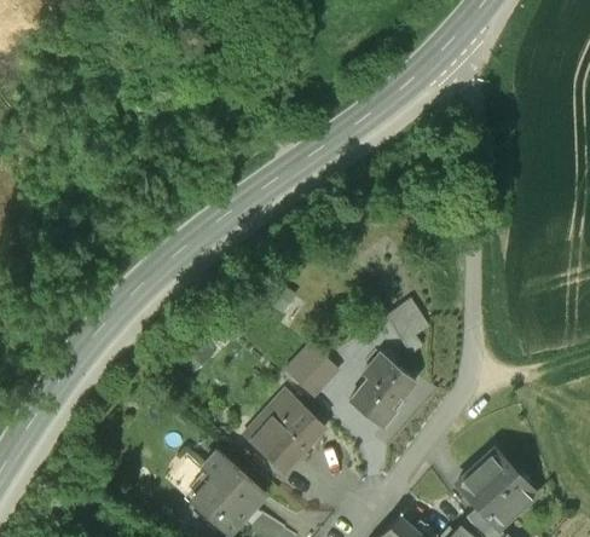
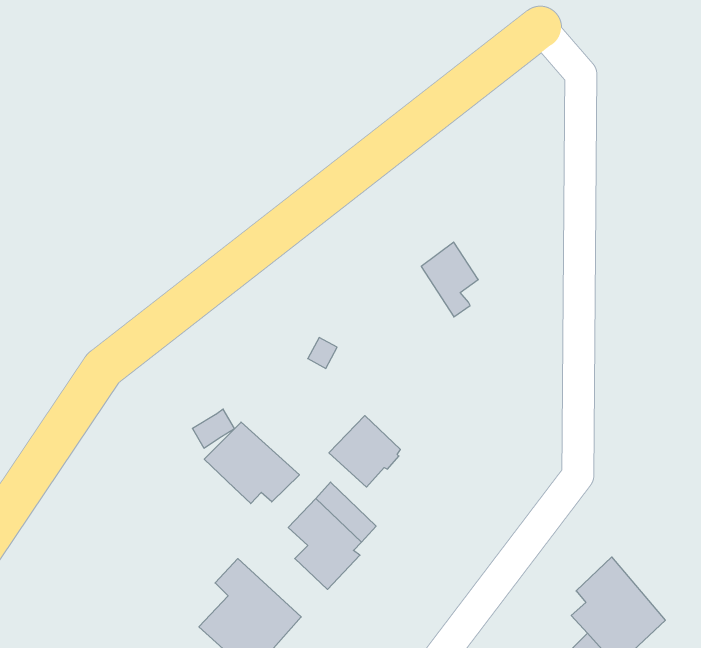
building: [386,298,428,353] -> [421,242,478,317]
building: none -> [204,422,299,504]
building: [349,353,416,428] -> none

